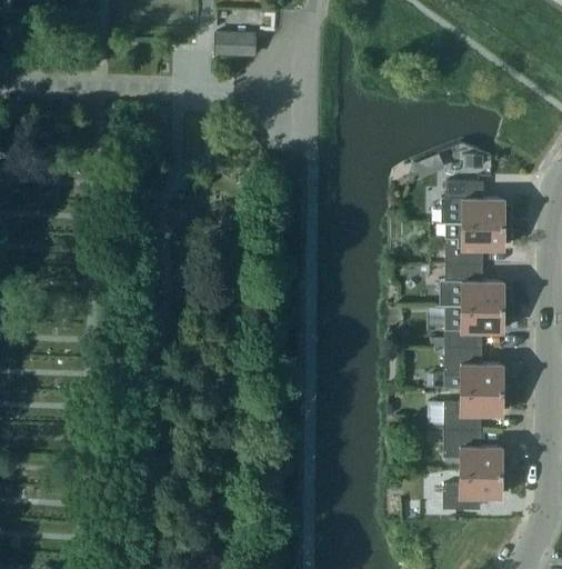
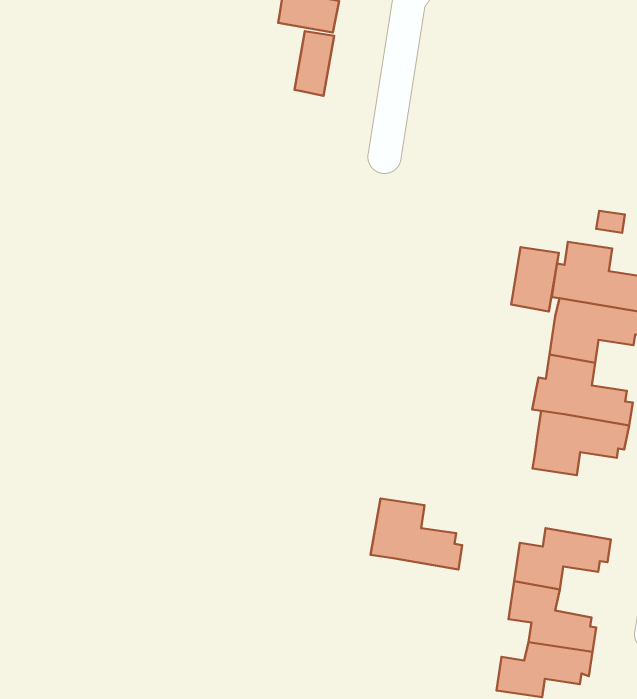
building: none -> [294,31,334,96]
building: none -> [511,247,559,312]
building: [443,347,508,389] -> [370,499,462,569]

